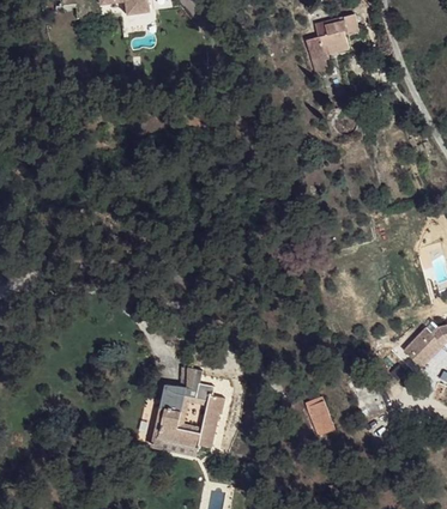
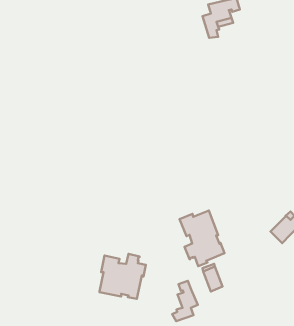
building: none -> [180,211,224,266]
building: none -> [172,281,198,321]

